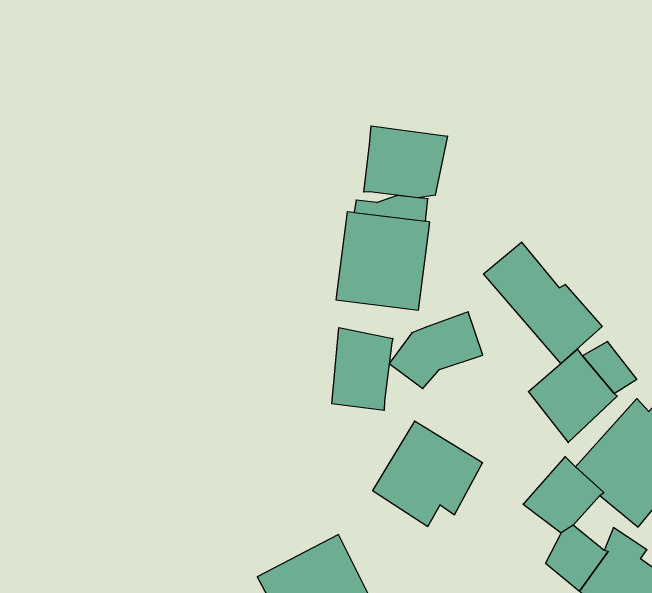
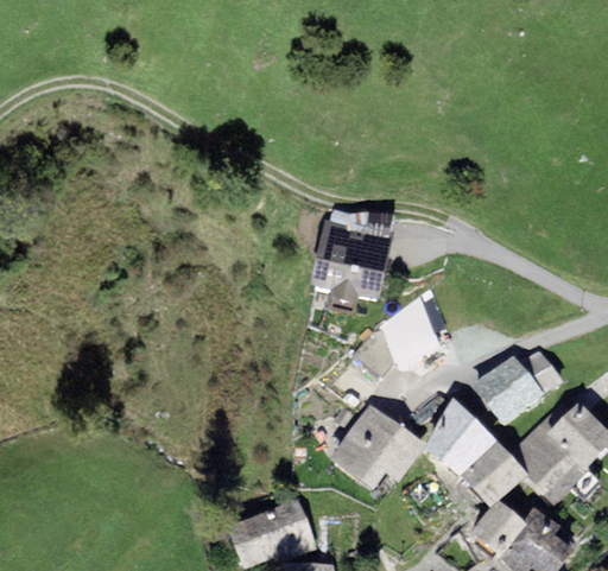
building: [364,126,448,198] -> none
building: [484,242,602,364] -> none
building: [332,328,393,410] -> none
building: none -> [424,395,496,480]

